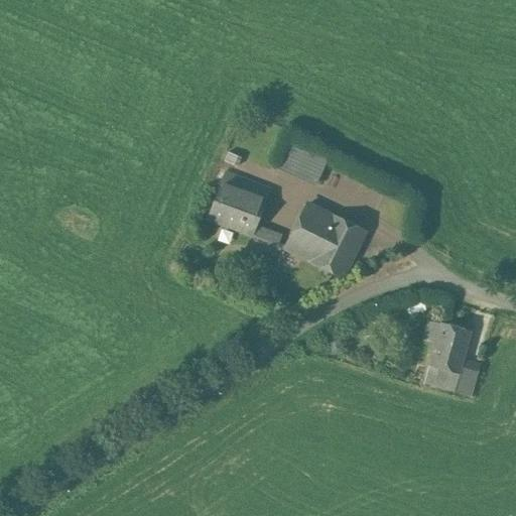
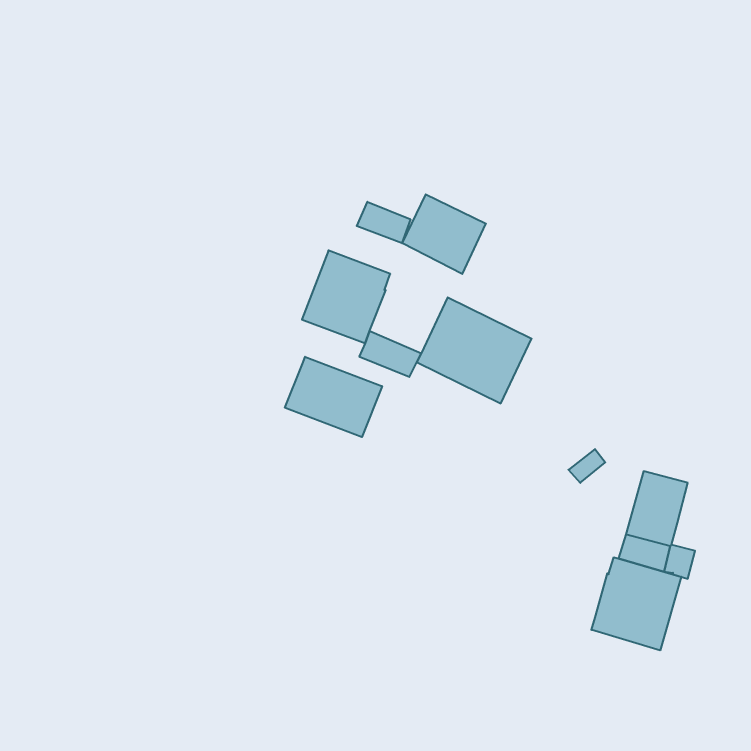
building: none -> [357,202,410,243]
building: none -> [285,357,382,437]
building: none -> [591,557,681,650]

